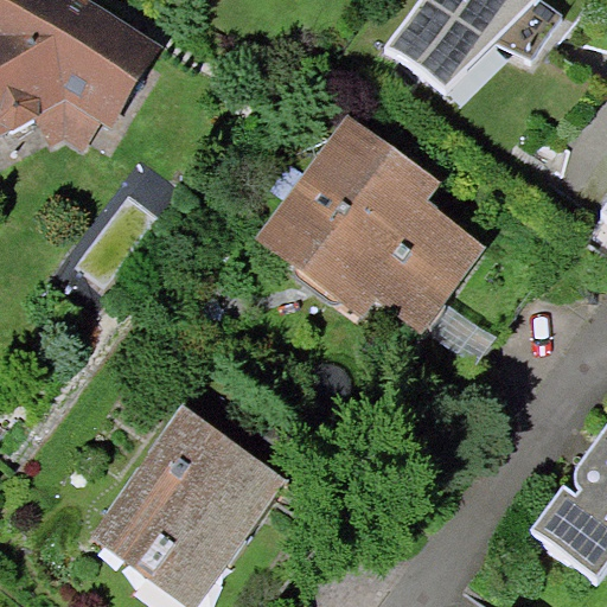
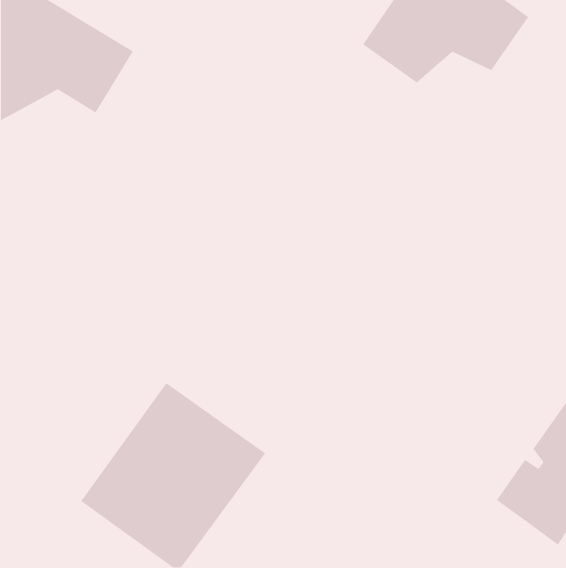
building: [266,132,472,324] -> none

